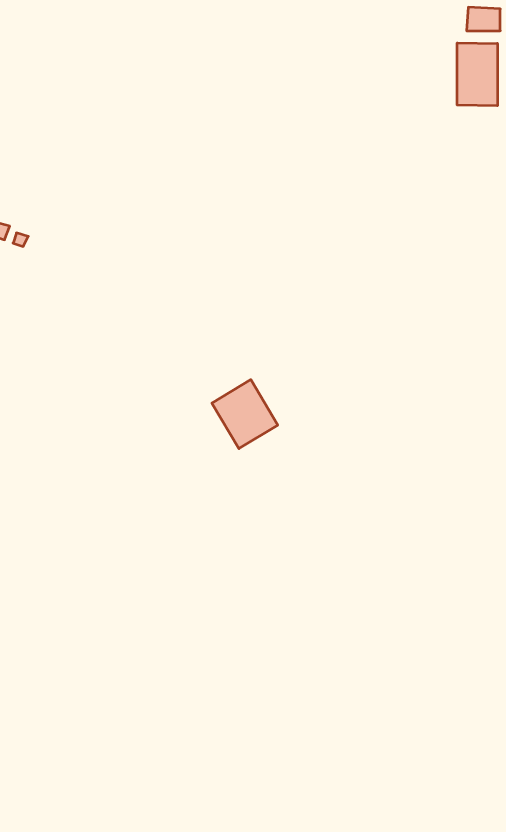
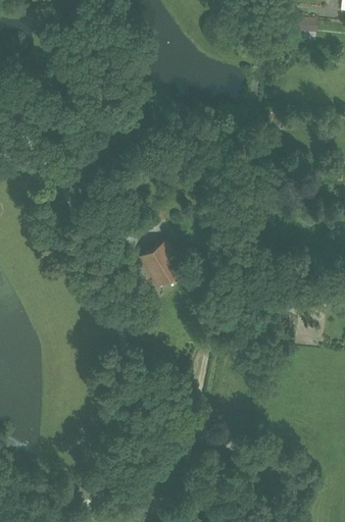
building: [457,43,497,106] -> none

